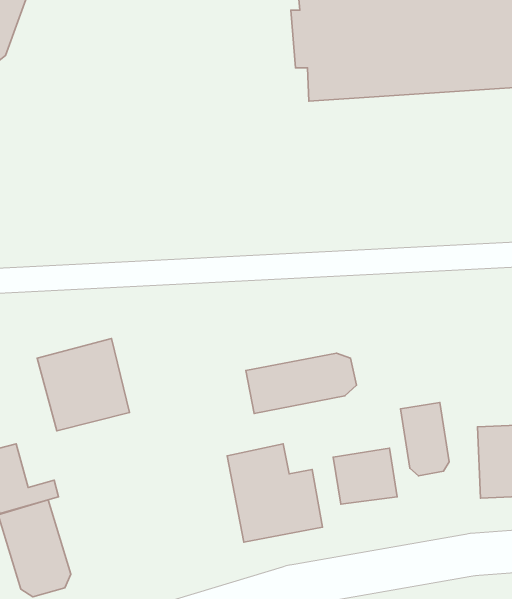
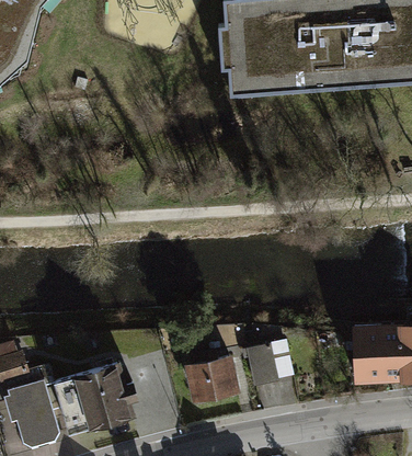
building: [37,338,130,431] -> [59,366,126,433]
building: [246,353,357,413] -> none
building: [401,403,449,476] -> none

